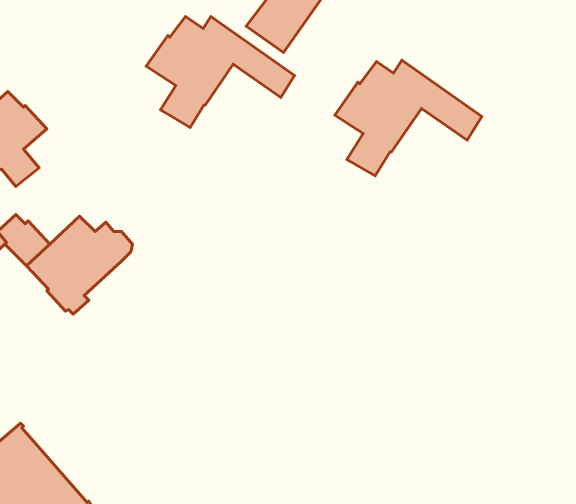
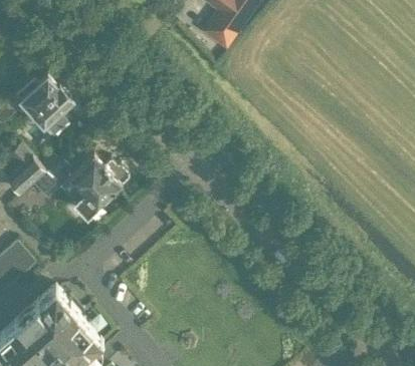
building: [146,16,295,127] -> none
building: [335,60,482,176] -> none

